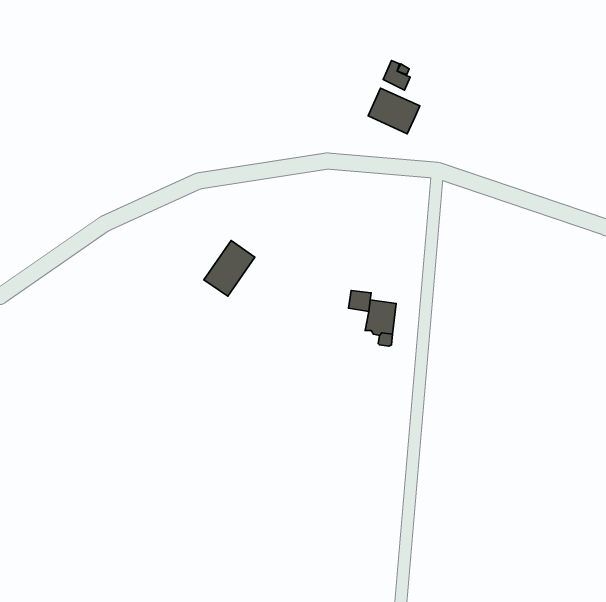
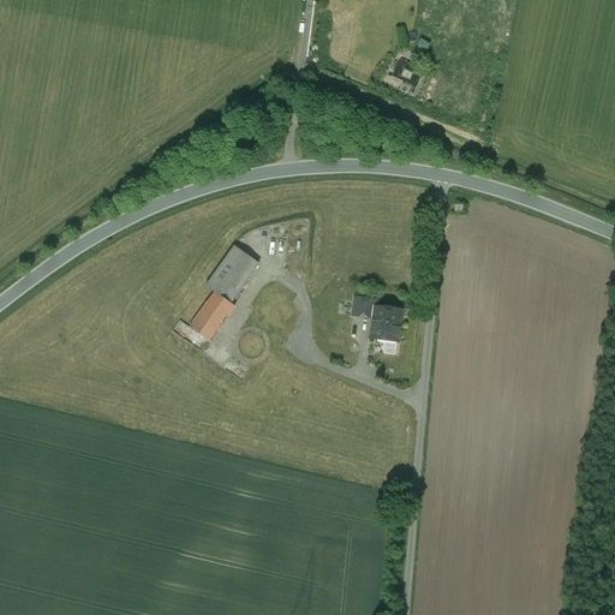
building: [368,88,420,134] -> none
building: none -> [190,289,234,339]

